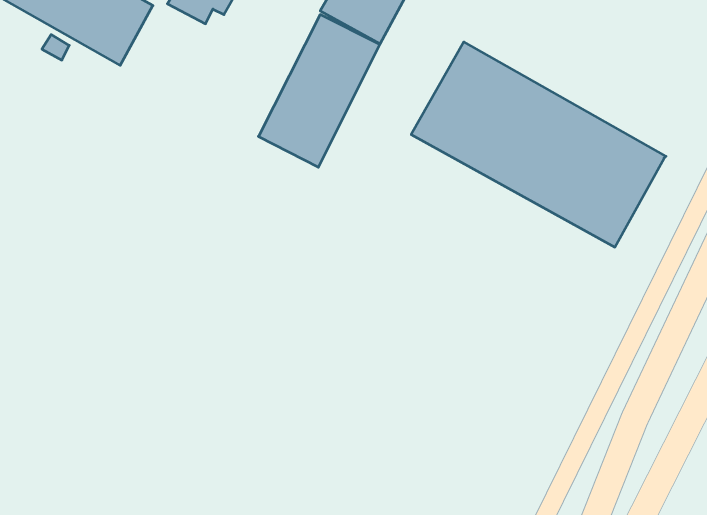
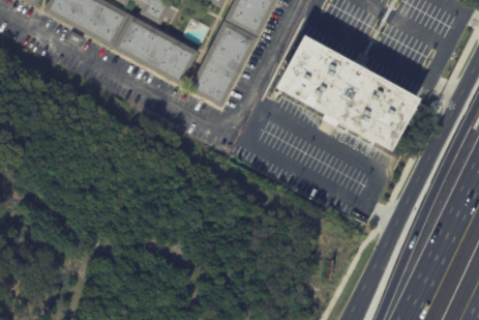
building: none -> [113,13,199,84]

